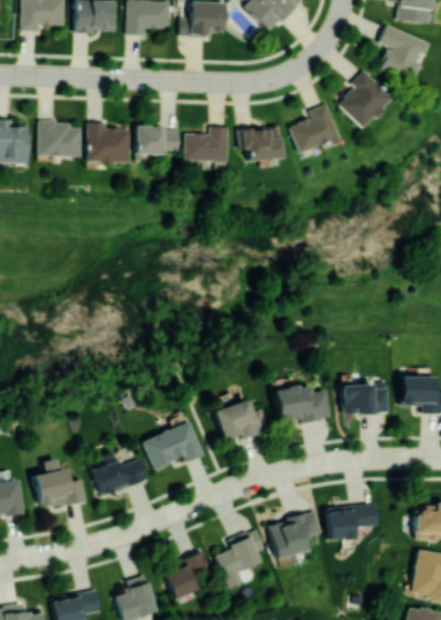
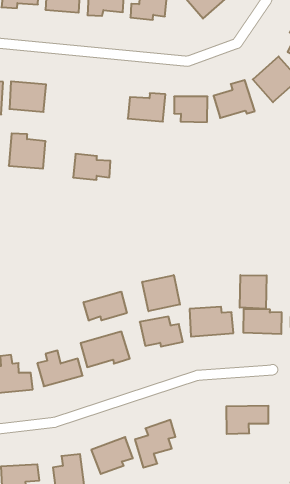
building: [86,122,130,163] -> [9,133,46,169]
building: [134,125,179,155] -> [73,154,110,180]
building: none -> [240,275,267,309]
building: none -> [142,275,180,311]
building: none -> [84,292,127,321]
building: [268,511,322,558] -> none

